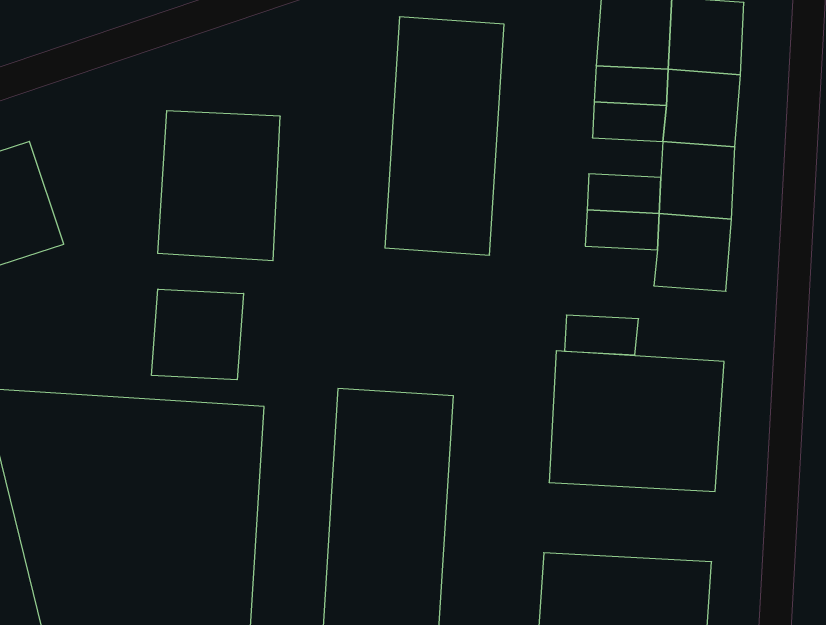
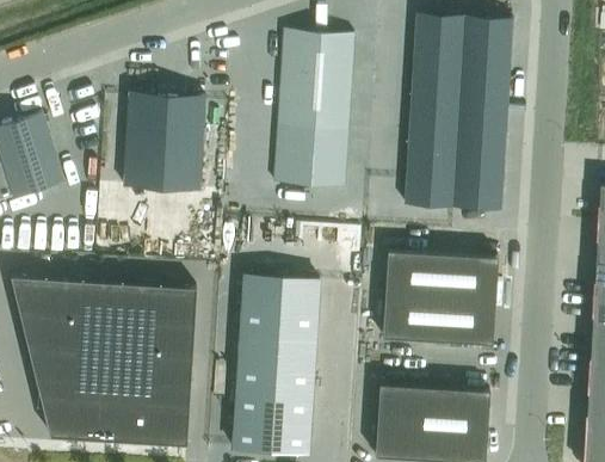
building: none -> [409,111,458,137]
building: [152,289,244,380] -> none
building: [565,315,639,355] -> [406,183,455,209]

